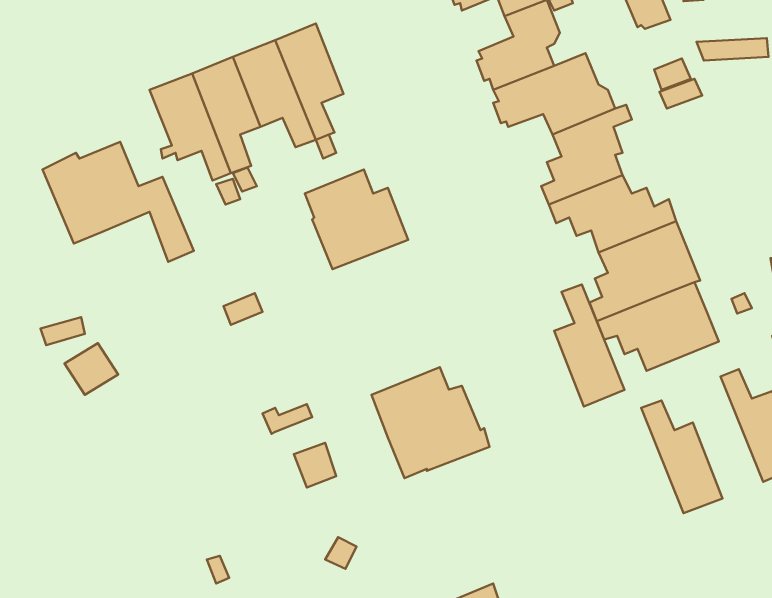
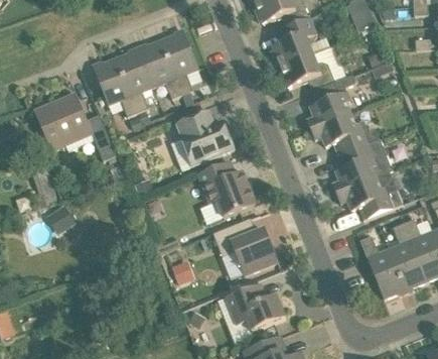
building: none -> [199,161,256,217]
building: [554,285,624,406] -> [389,223,427,289]
building: none -> [226,283,286,331]

